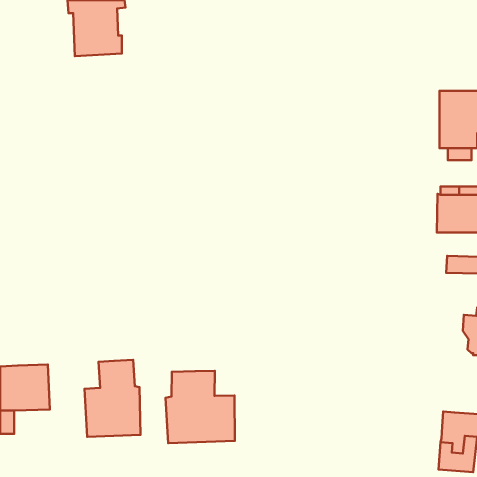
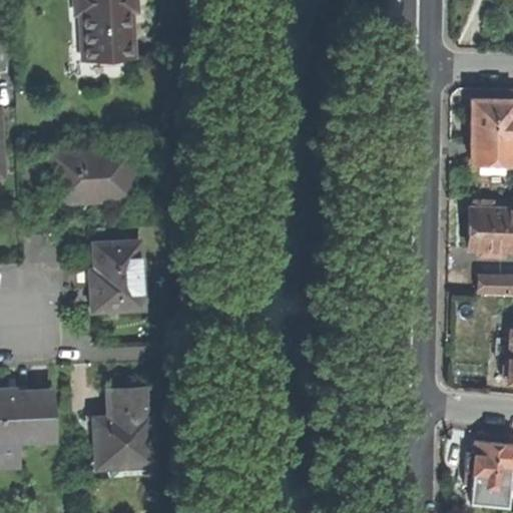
building: none -> [55,151,130,202]
building: none -> [88,241,142,315]
building: [166,371,235,443] -> none

